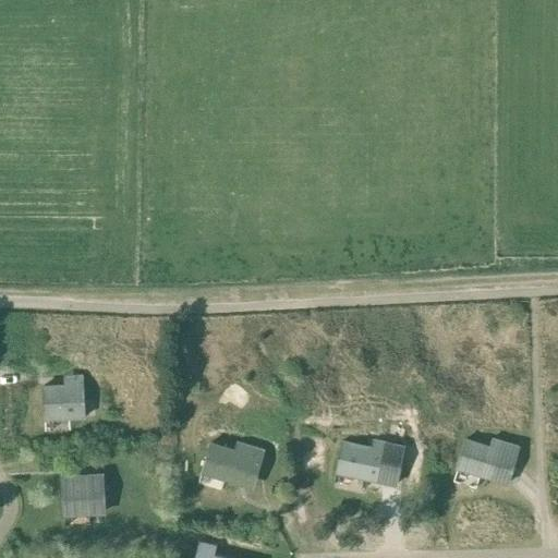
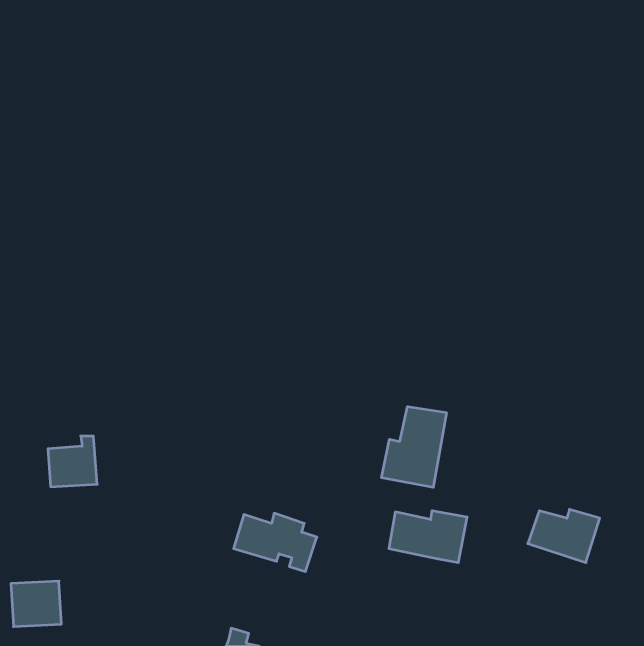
building: none -> [382,407,446,487]
building: [61,475,105,514] -> [11,581,61,627]

